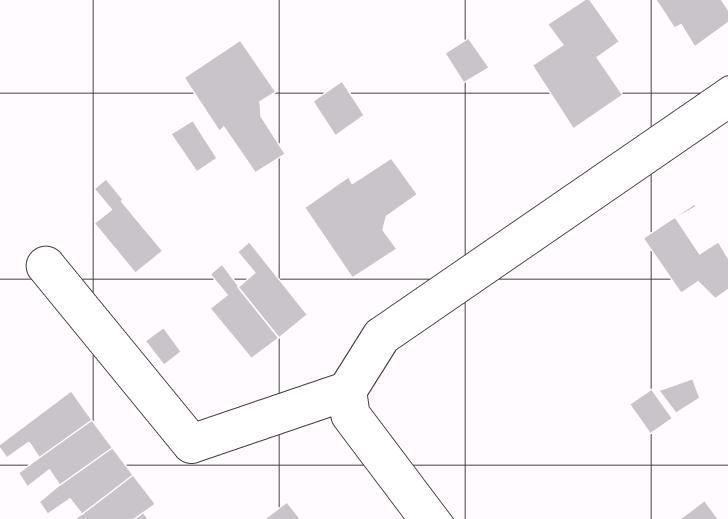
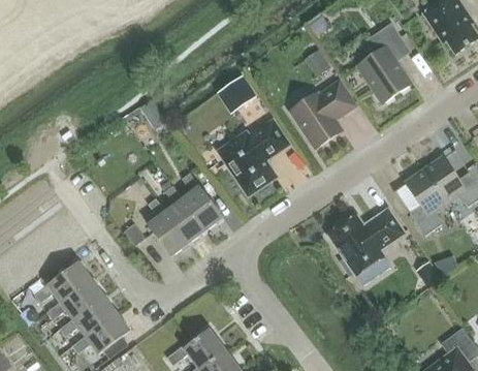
building: [184,40,285,173] -> none
building: none -> [289,80,356,148]
building: [94,179,163,273] -> [146,198,187,255]
building: none -> [392,169,446,235]
building: none -> [328,209,404,275]

